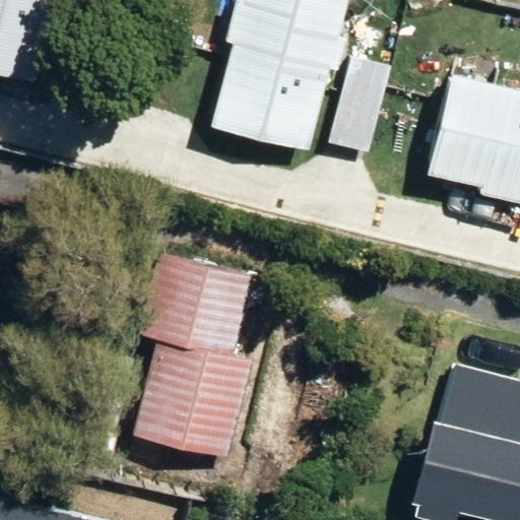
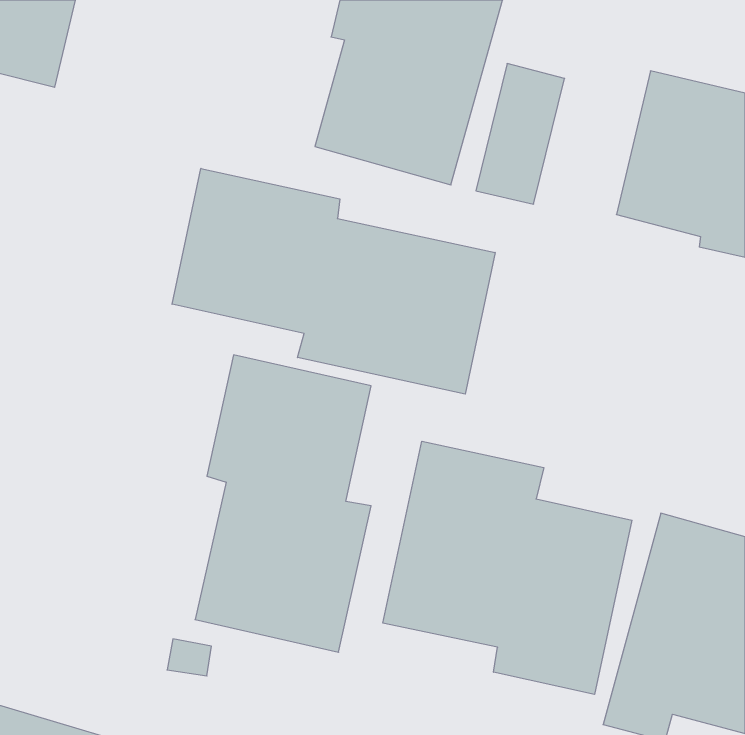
building: none -> [172,168,495,394]
building: none -> [383,441,632,694]

